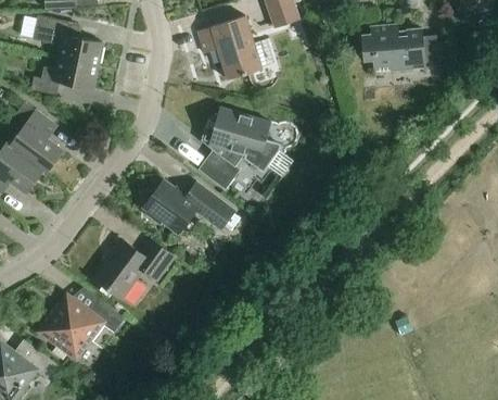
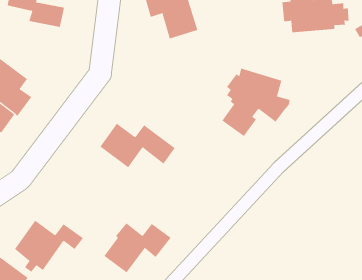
building: [30,58,97,95] -> none
building: [197,107,280,189] -> [222,68,290,137]
building: [93,238,175,299] -> [103,222,171,273]

